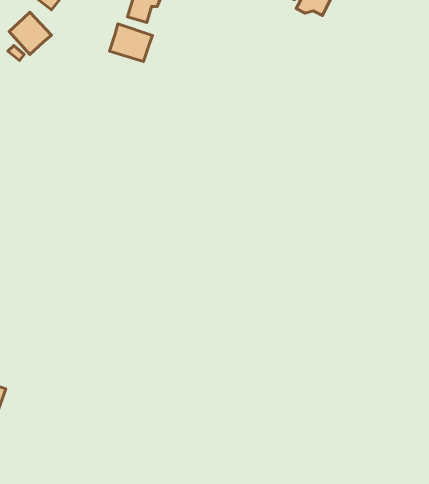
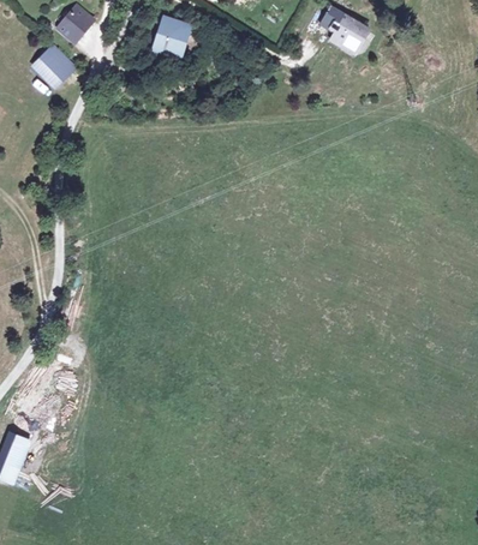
building: [110,24,152,62] -> none

